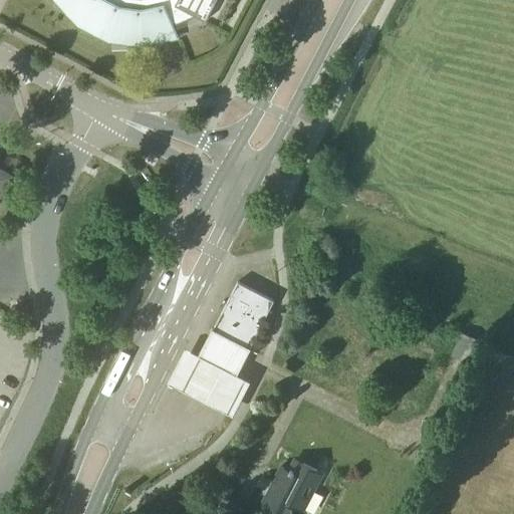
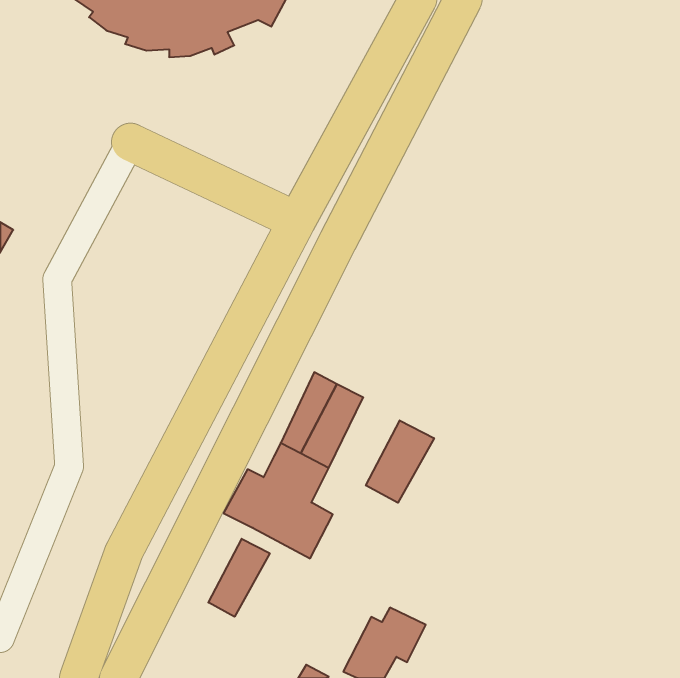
building: none -> [366,420,434,503]
building: none -> [208,539,270,617]

